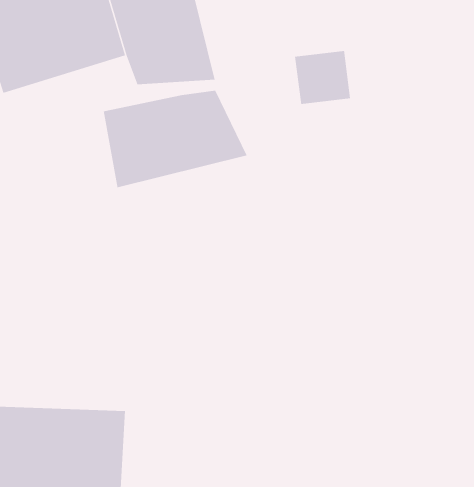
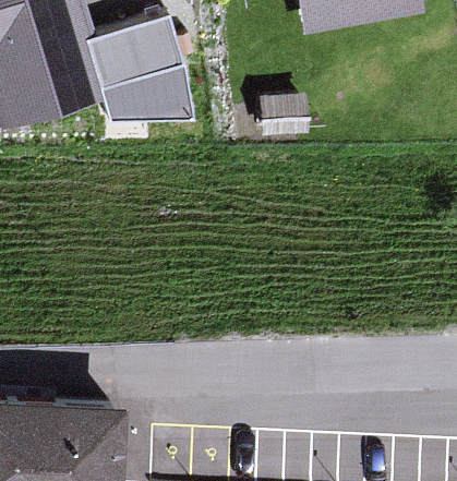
building: [103,90,248,188] -> none

